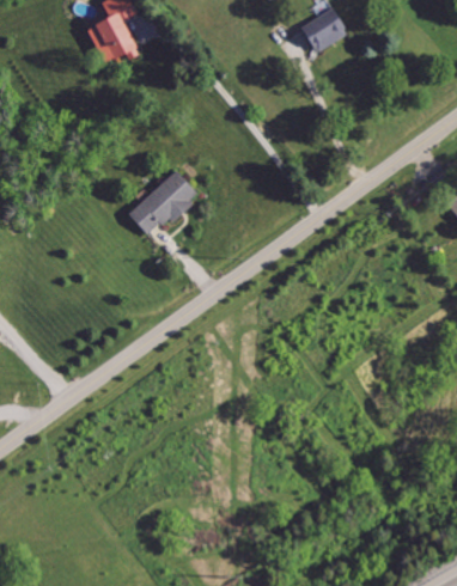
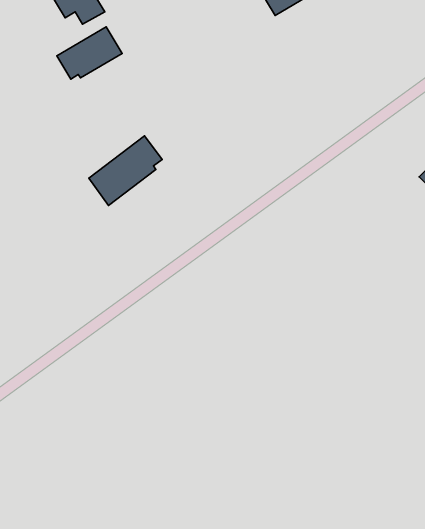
building: none -> [57,27,122,79]

